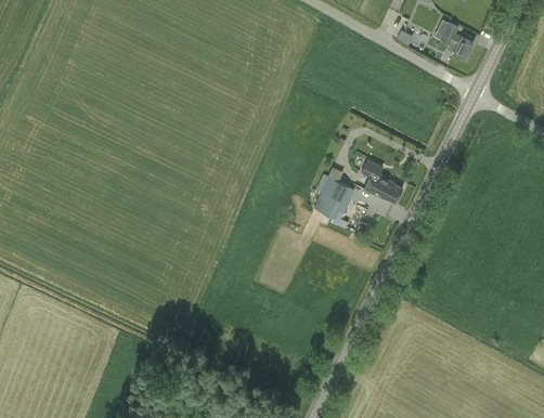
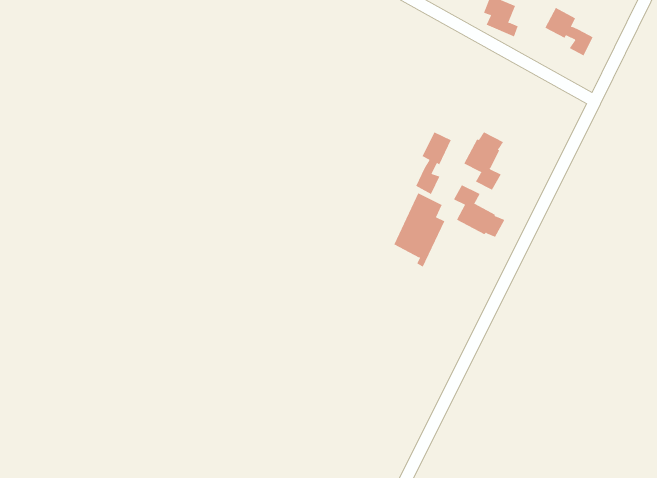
building: none -> [416,131,451,195]
building: none -> [464,132,504,190]

